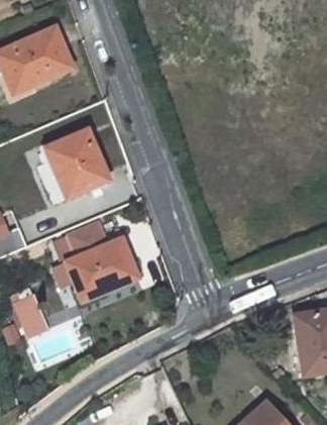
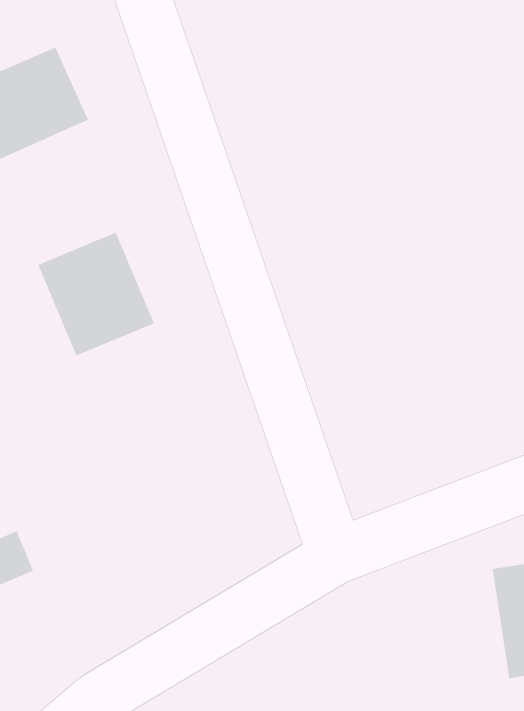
building: [66,221,138,302] -> none

